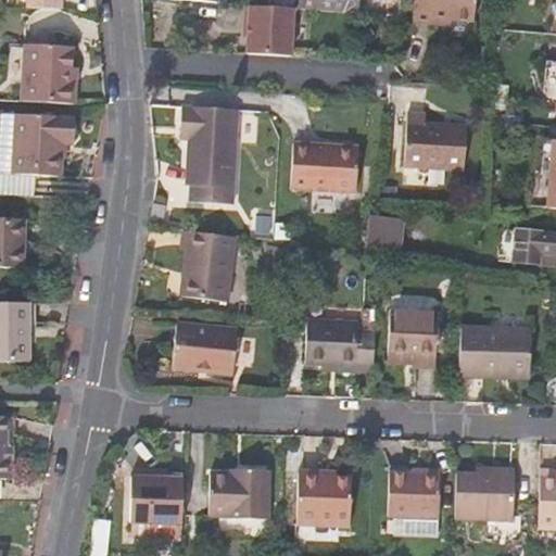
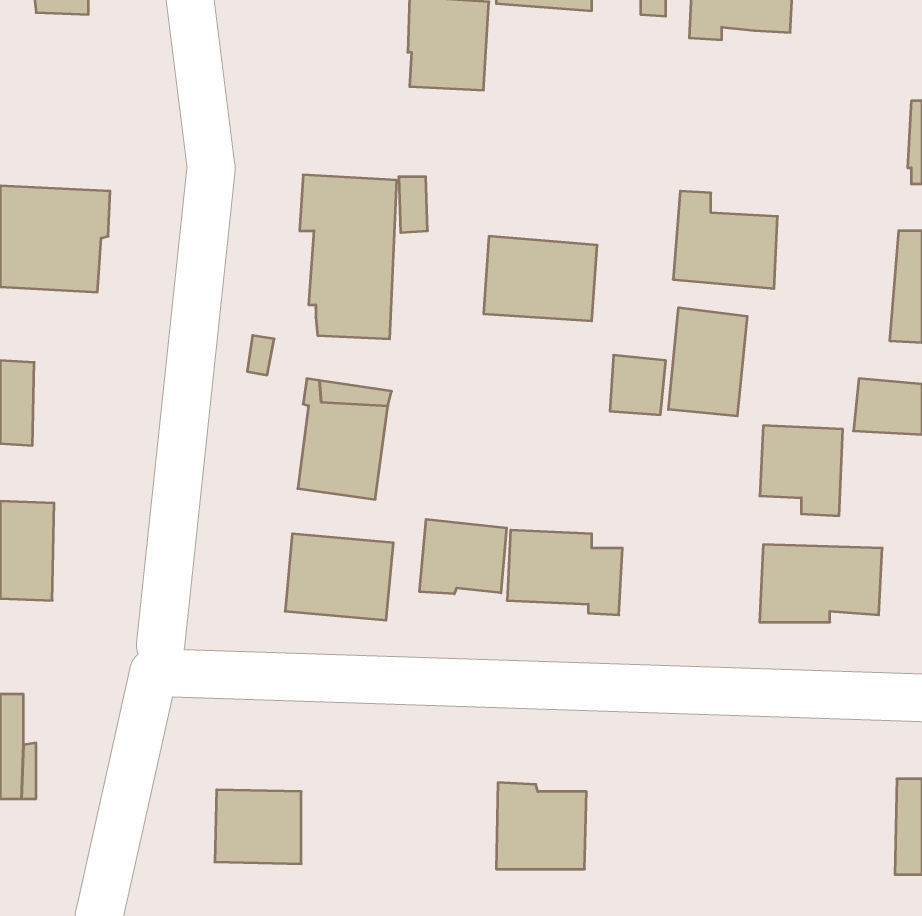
building: [22,43,75,103] -> none
building: none -> [668,308,747,416]
building: [387,312,437,366] -> [760,426,843,516]
building: none -> [420,519,507,594]
building: [389,465,439,536] -> none
building: [207,467,268,519] -> none
building: [455,467,513,518] -> none

